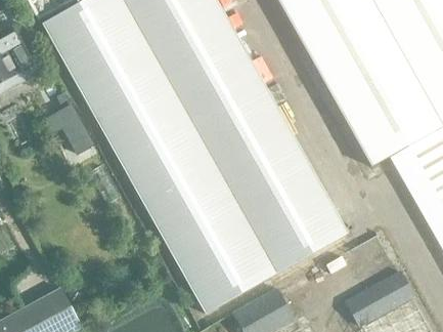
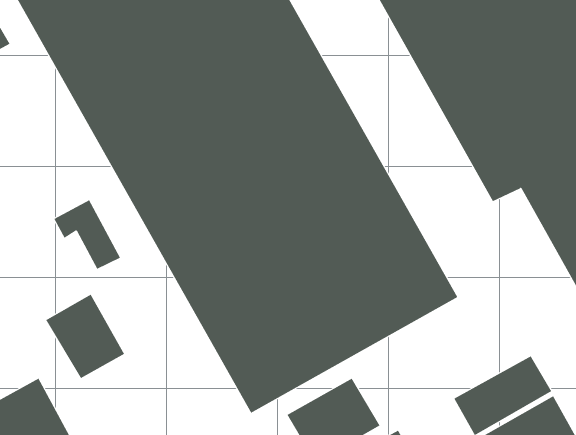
building: [47,106,93,154] -> [54,200,121,270]
building: none -> [46,294,125,379]

